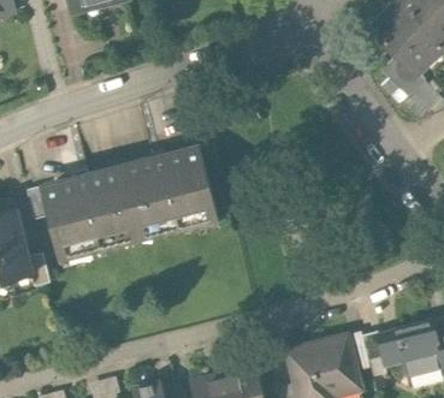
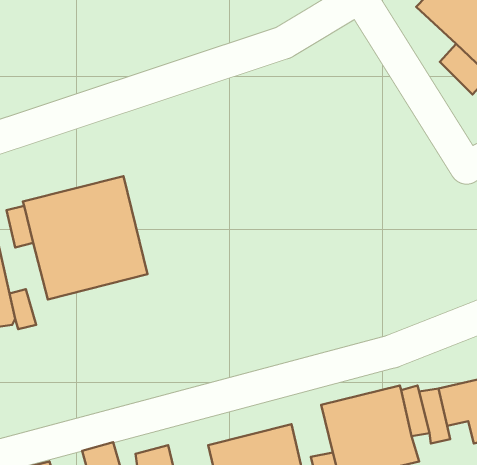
building: [124,141,224,240] -> none

